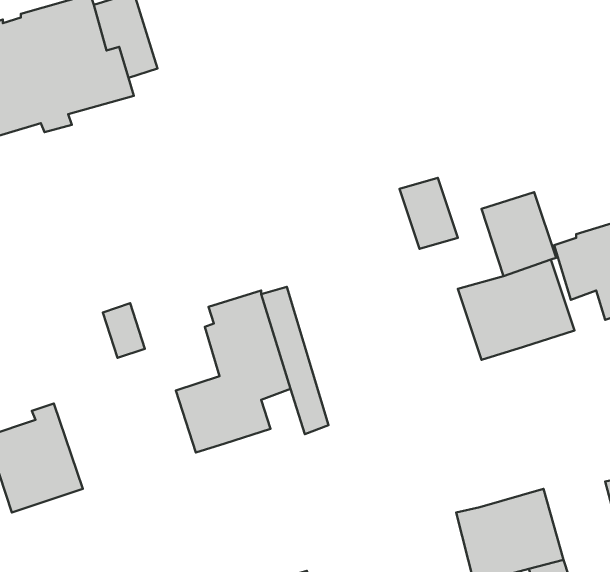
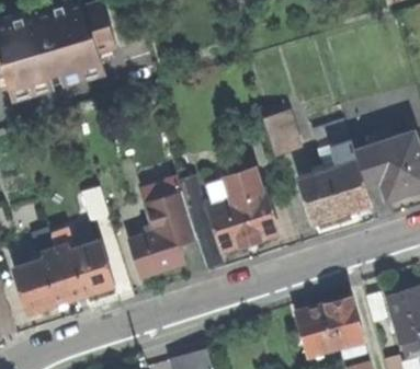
building: none -> [204,170,276,251]
building: none -> [49,229,114,300]

